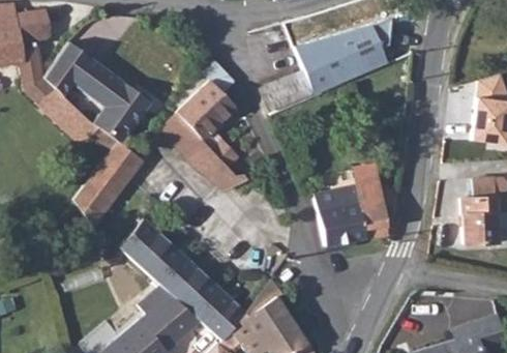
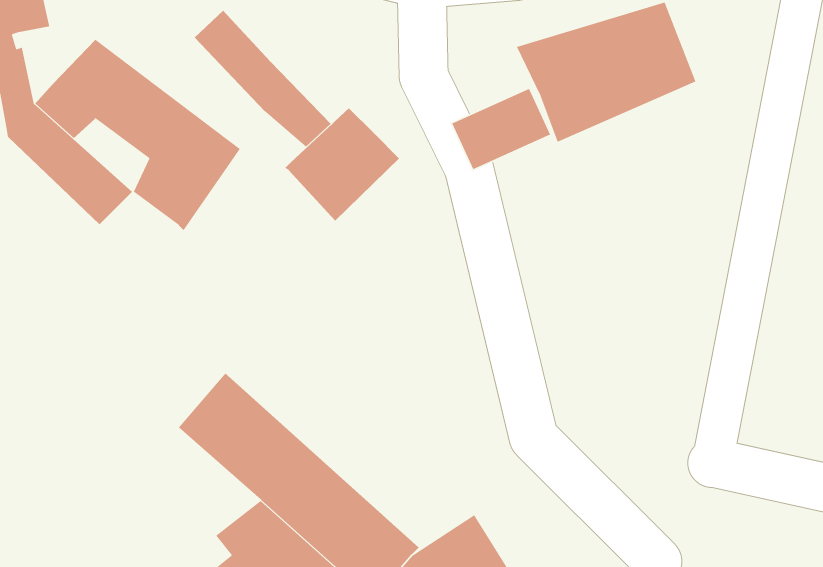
building: [161,112,234,184] -> [194,10,331,147]
building: [74,141,143,225] -> none
building: [316,161,396,245] -> none

